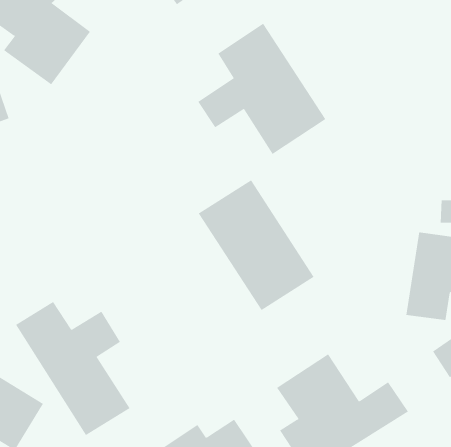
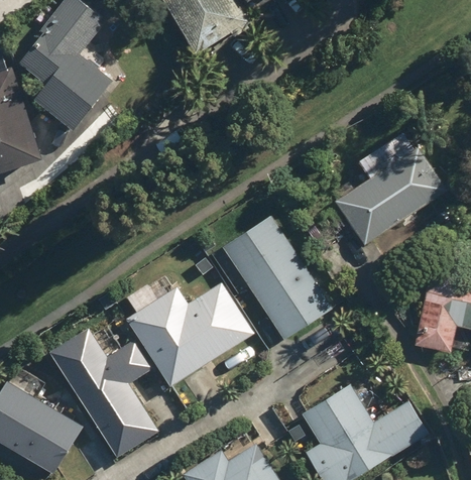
building: [198,23,326,155] -> none
building: none -> [336,126,451,244]
building: none -> [124,284,250,383]

